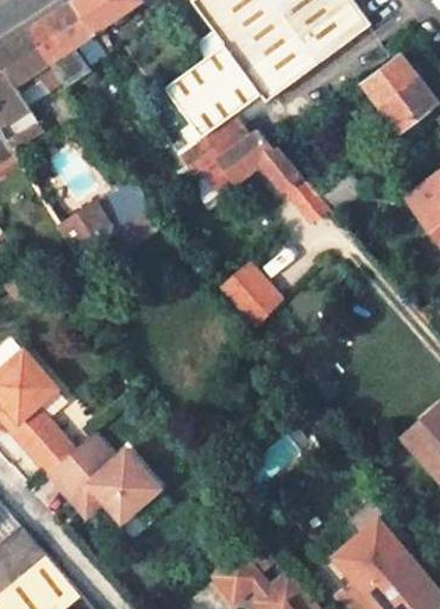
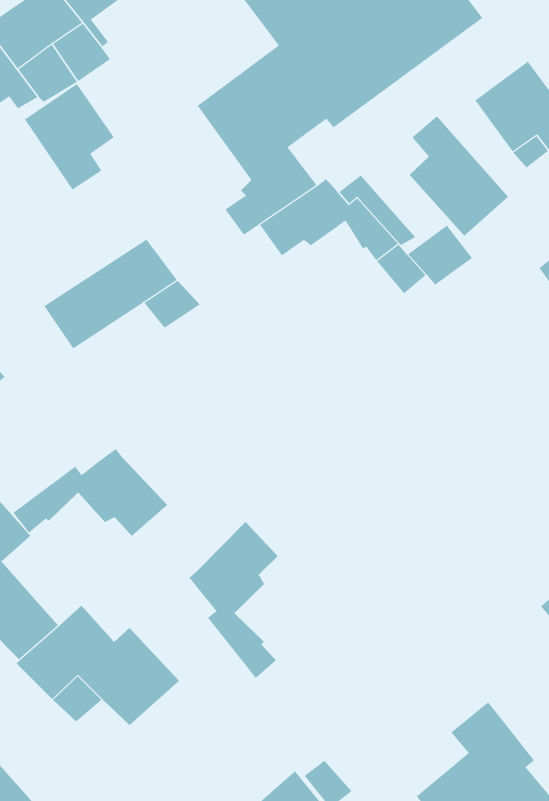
building: none -> [24,83,114,191]
building: none -> [409,116,509,237]
building: [219,257,279,321] -> none
building: none -> [12,448,168,537]
building: none -> [189,521,278,679]

